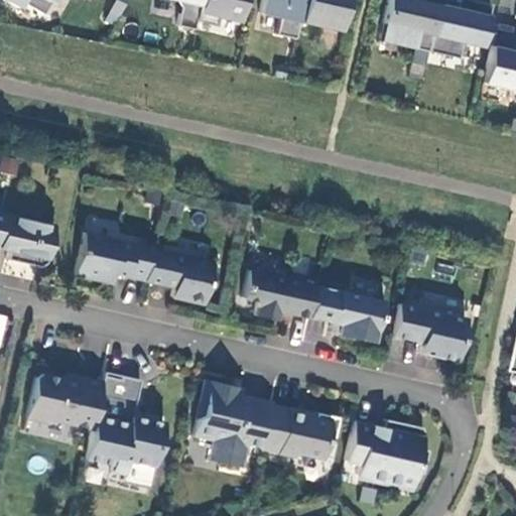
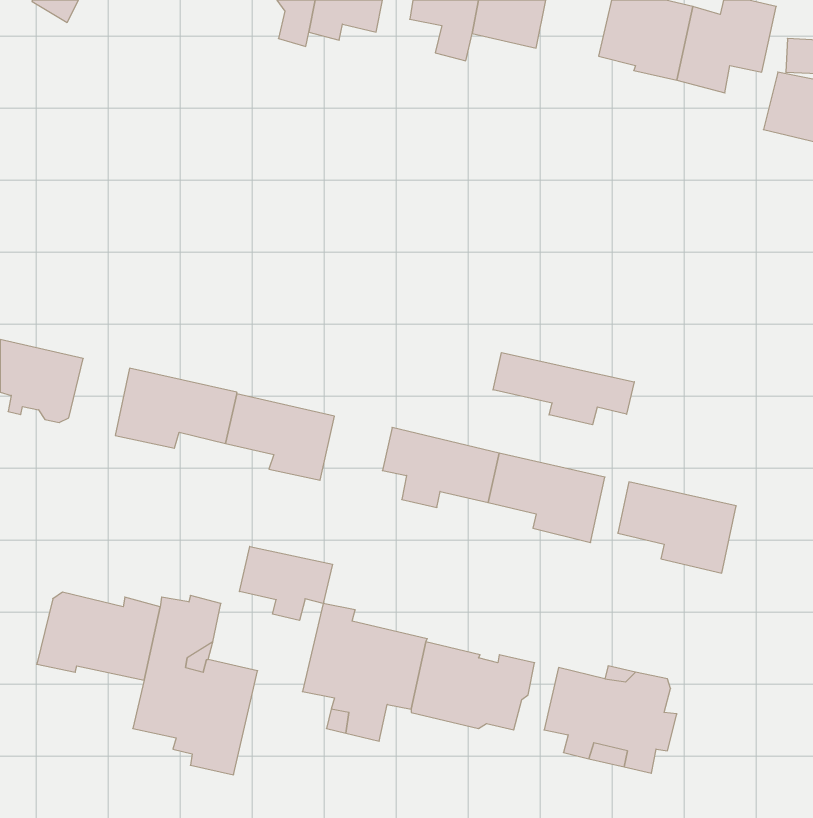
building: none -> [493,353,634,425]
building: none -> [239,546,332,620]

